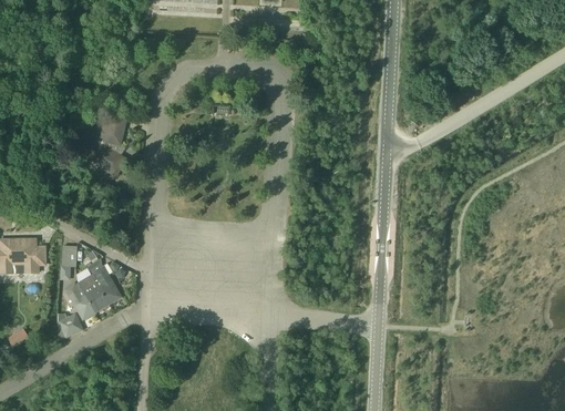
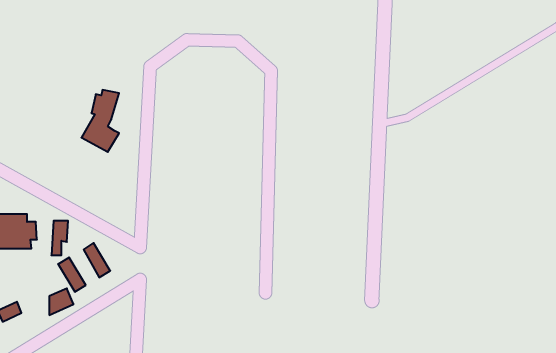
building: [78,274,107,309] -> none

